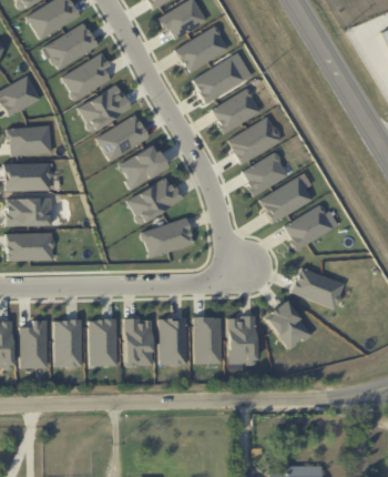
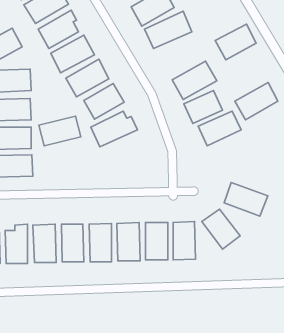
building: [210,89,261,133] -> [215,24,256,60]
building: [283,203,336,250] -> [235,82,278,120]
building: [141,220,193,256] -> [39,116,81,146]

